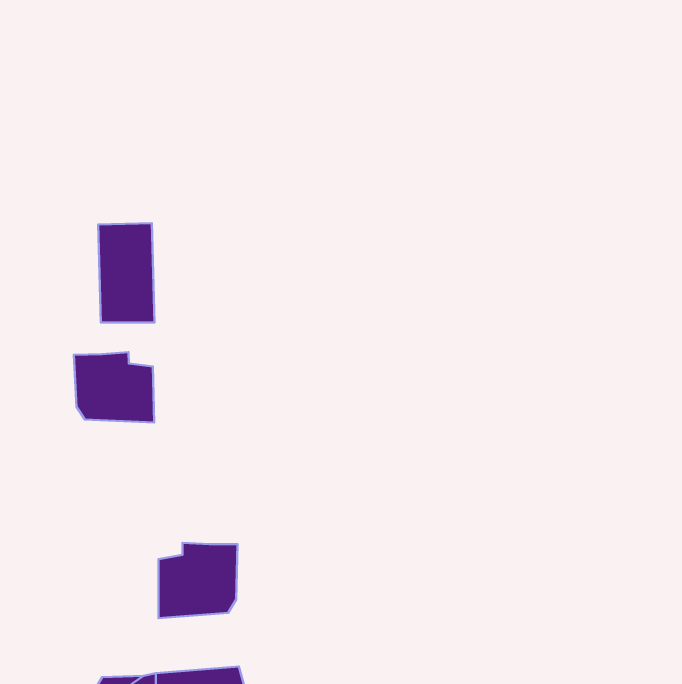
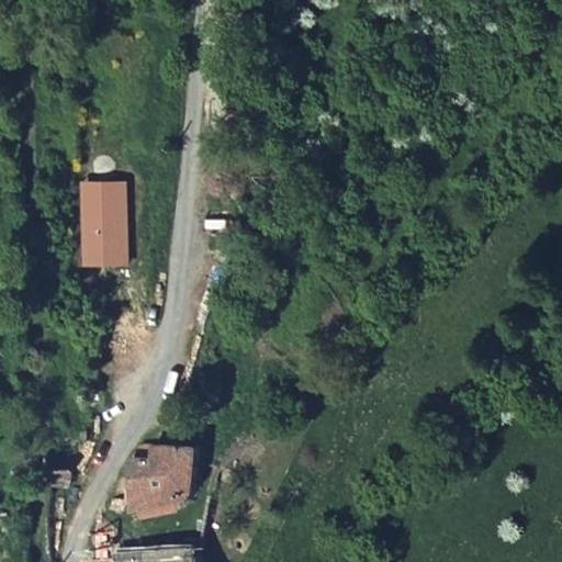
building: [74,352,154,423] -> none

